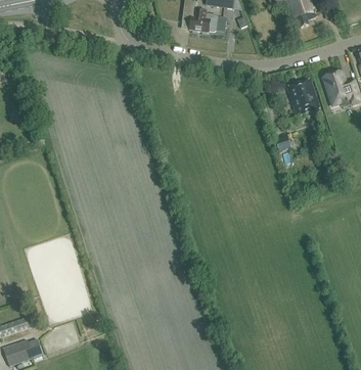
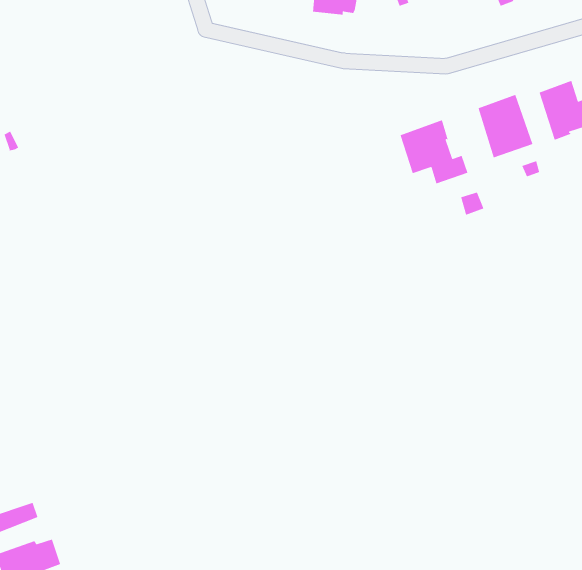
building: none -> [400,119,468,184]

